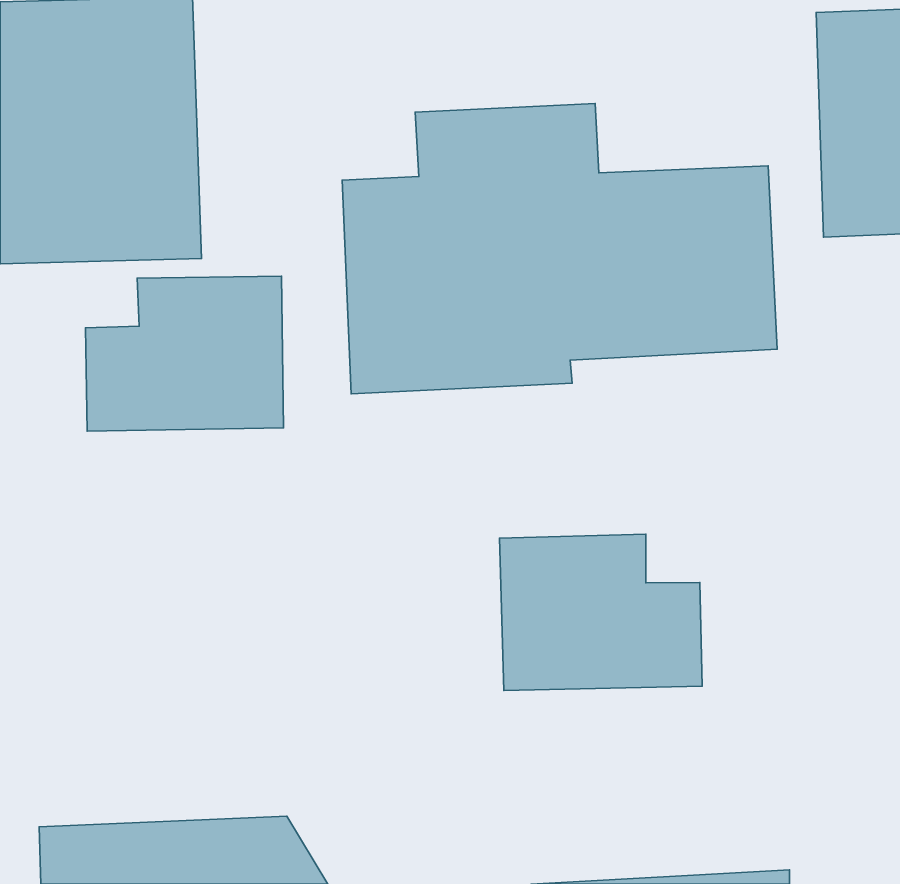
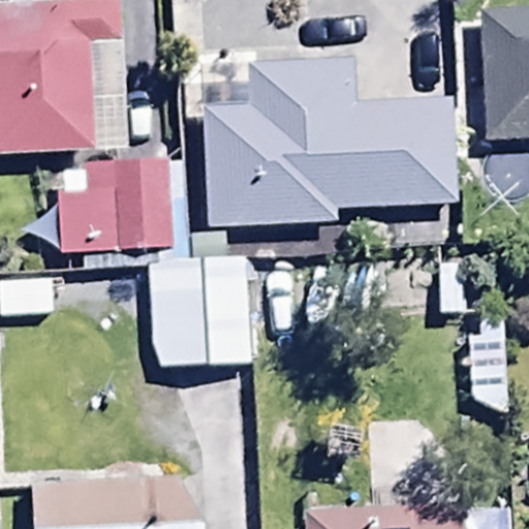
building: none -> [120,259,247,365]
building: [500,534,702,690] -> none

